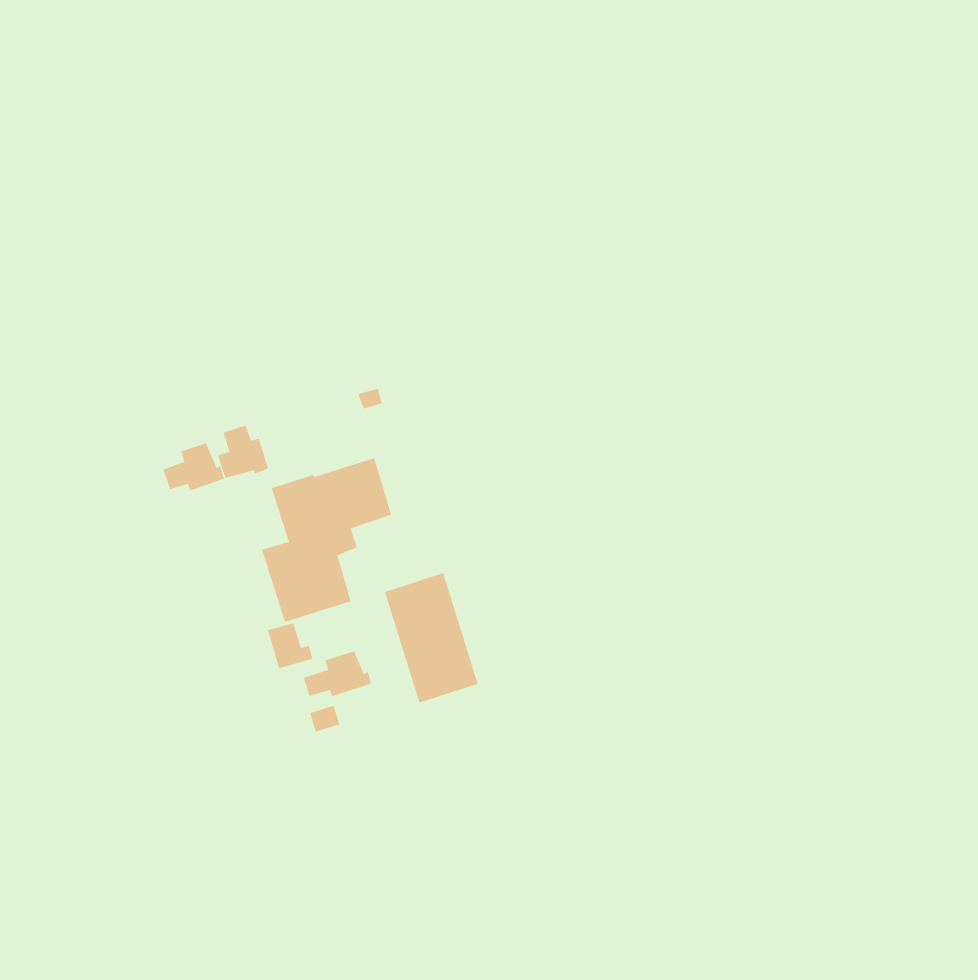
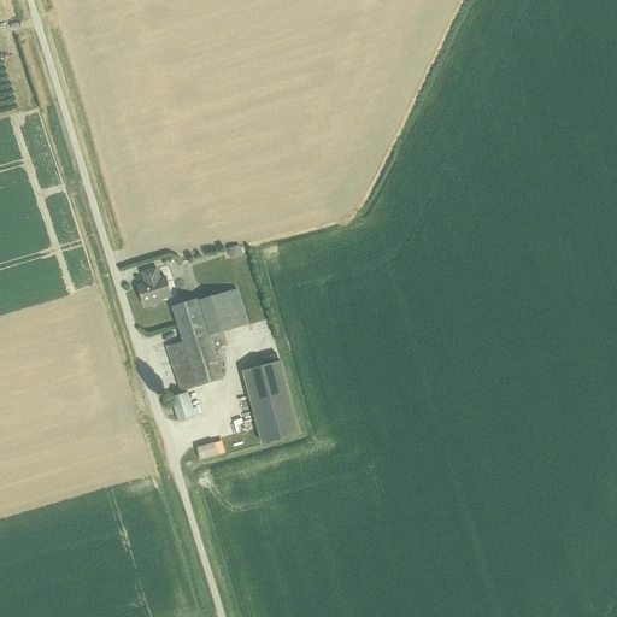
building: [163,442,224,491] -> none
building: [303,651,371,697] -> none

